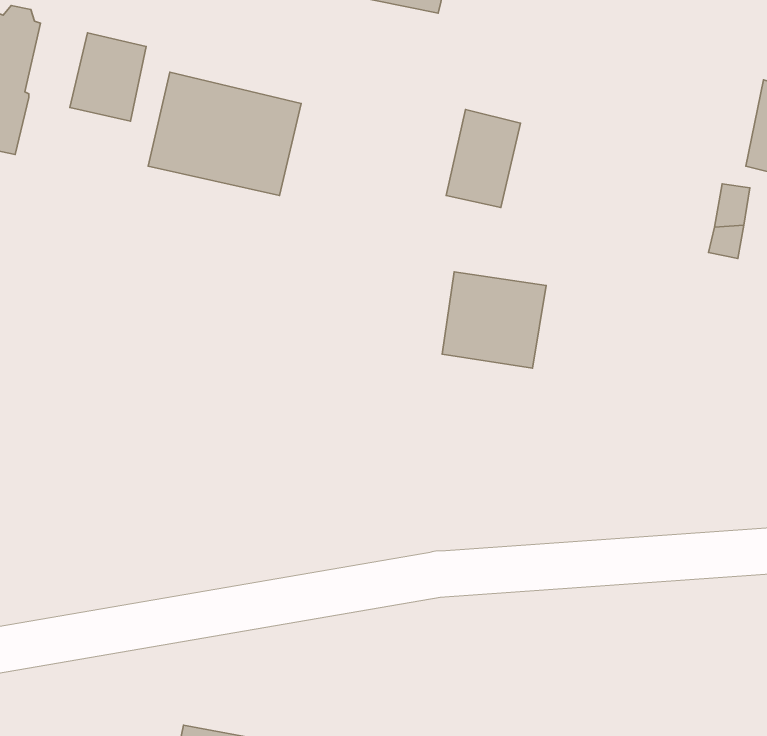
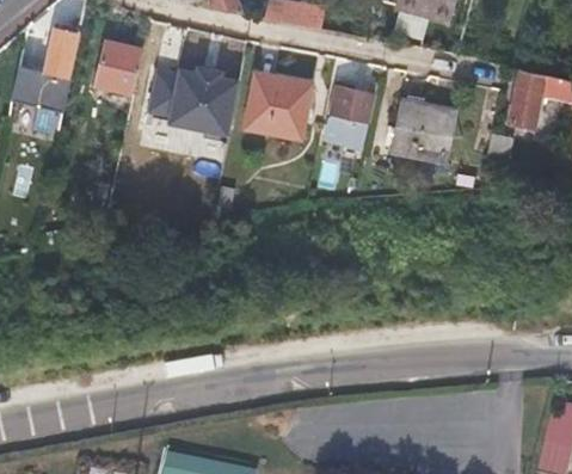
building: none -> [244,69,309,135]
building: [442,272,546,368] -> [392,103,455,161]

